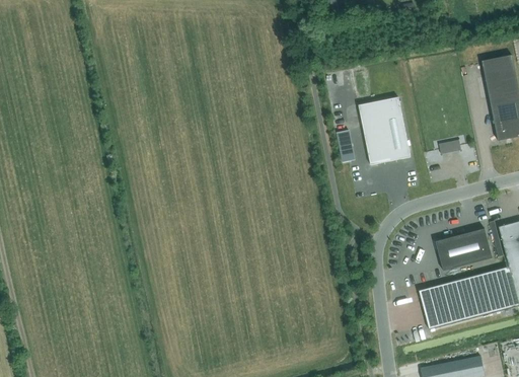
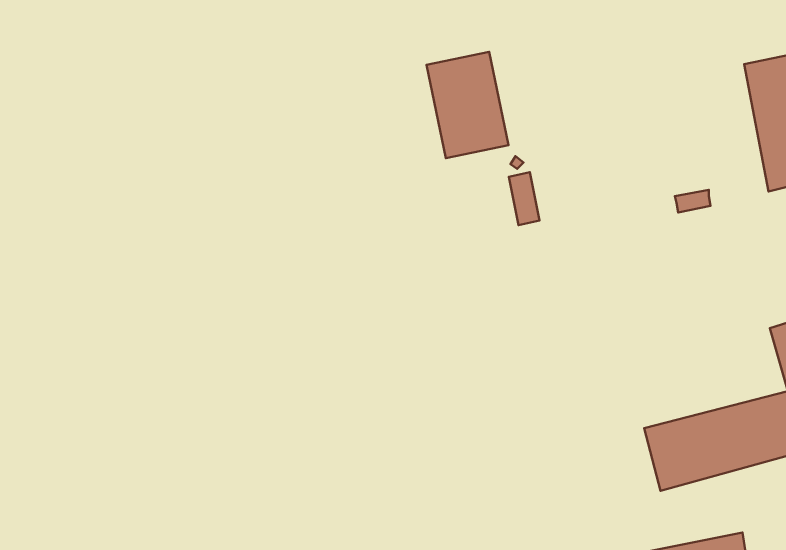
building: [359,97,411,164] -> [426,52,509,158]
building: [436,228,493,271] -> none

